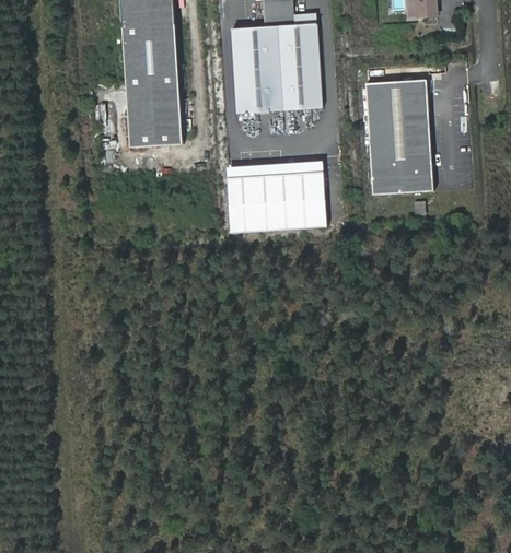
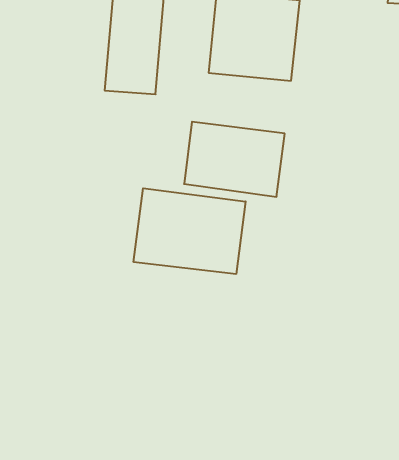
building: [357,75,425,190] -> none
building: none -> [134,188,246,274]

